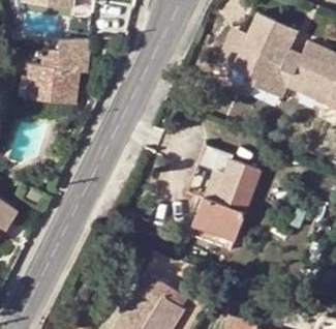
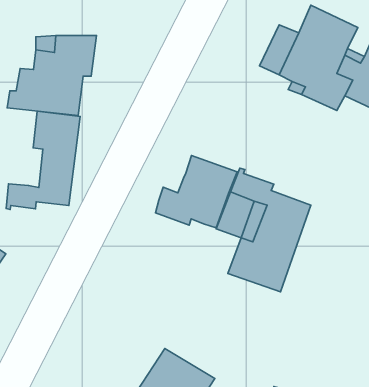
building: none -> [6,111,80,210]
building: none -> [156,156,237,228]

